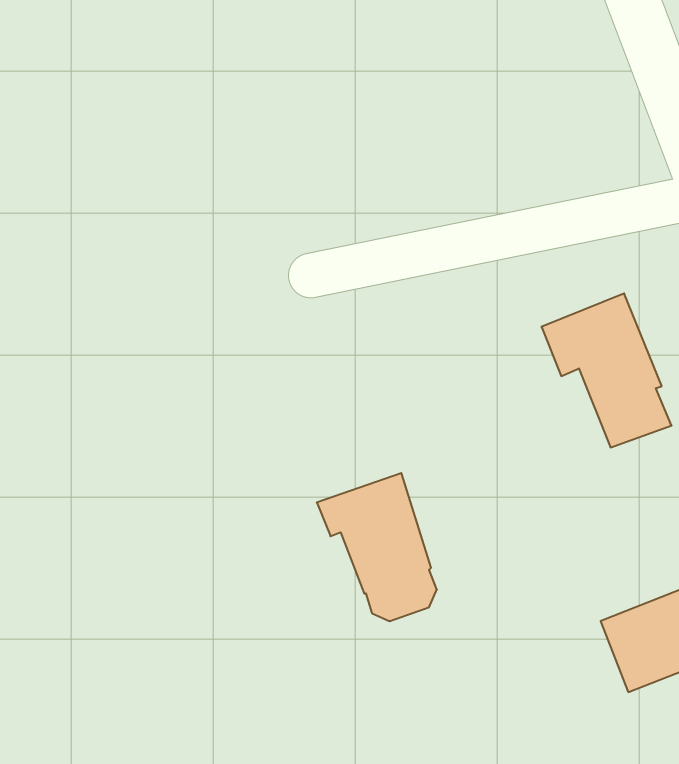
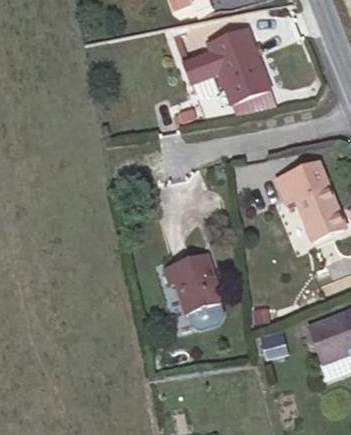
building: none -> [186,28,270,104]

